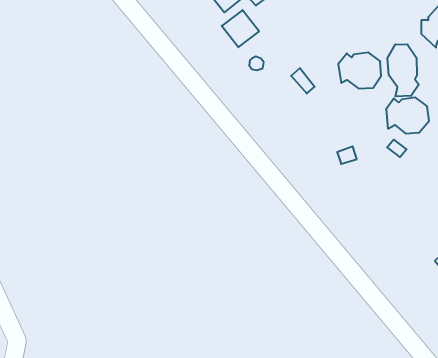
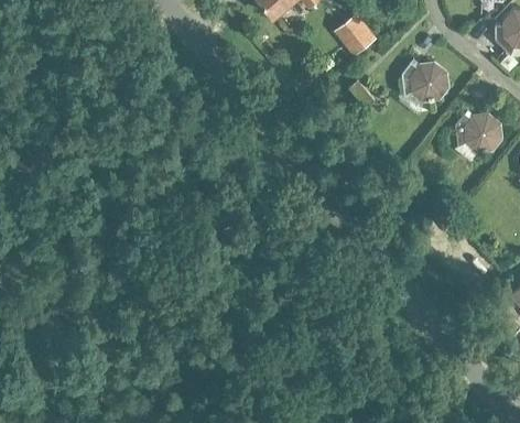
building: [222,10,259,47] -> [335,14,377,56]
building: [388,44,419,96] -> none

